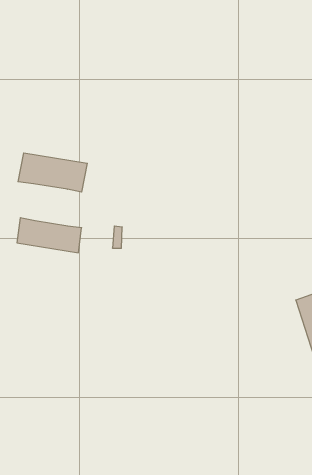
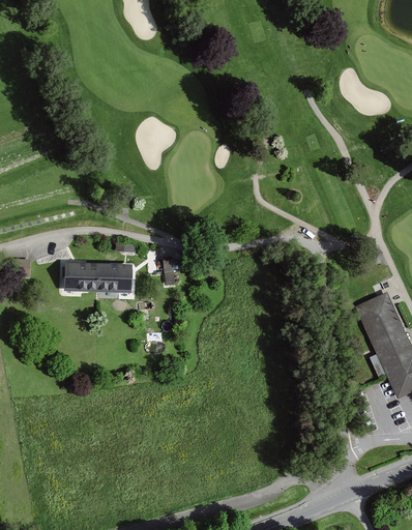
building: [18,153,87,192] -> none

